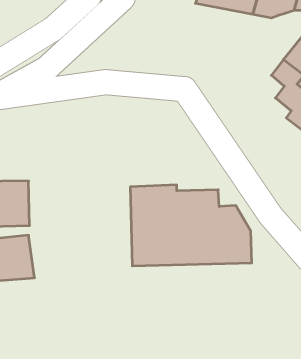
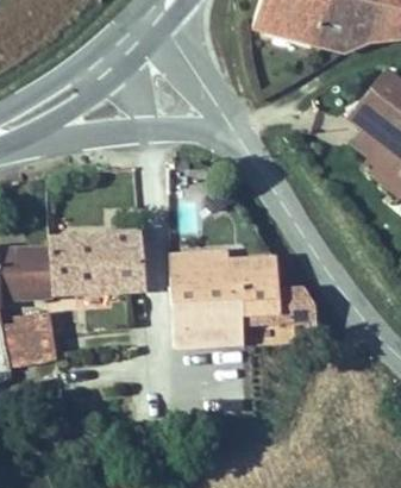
building: none -> [49,230,145,302]

